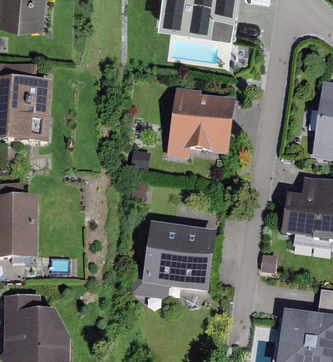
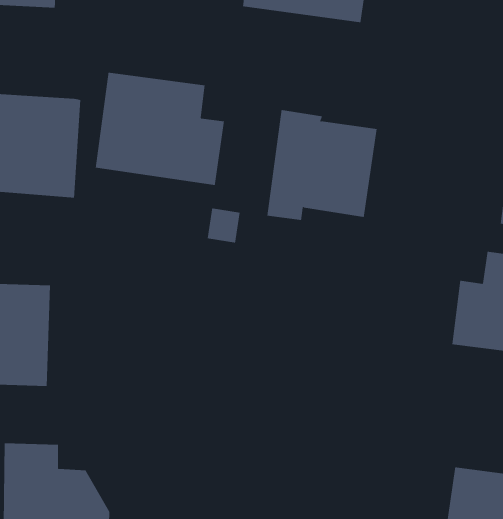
building: none -> [95,72,225,186]
building: [131,223,218,300] -> none

